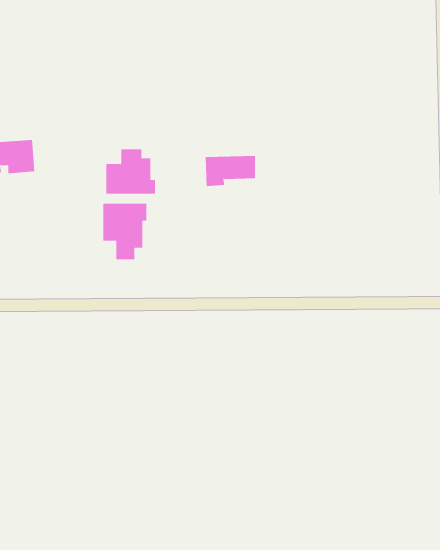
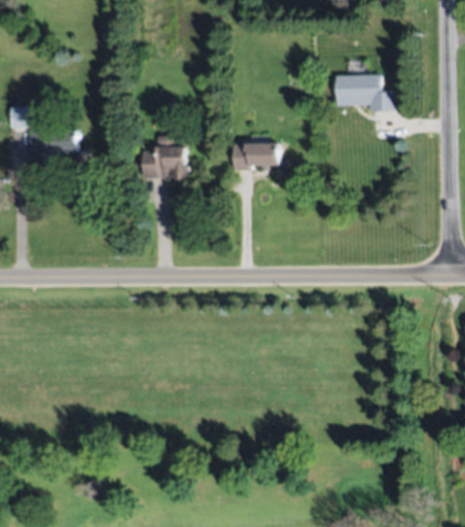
building: none -> [336,74,398,112]
building: [103,203,147,260] -> none

